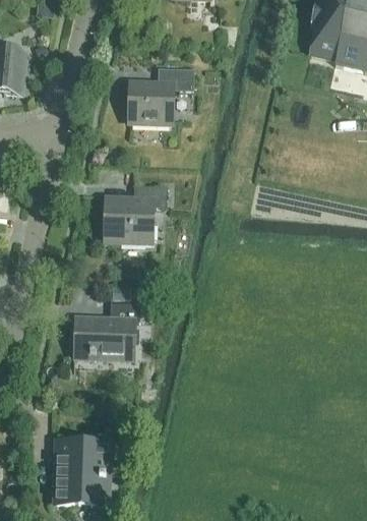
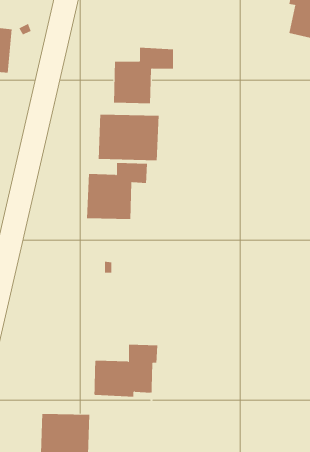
building: none -> [98,114,159,161]
building: [73,302,139,359] -> [93,344,158,400]

